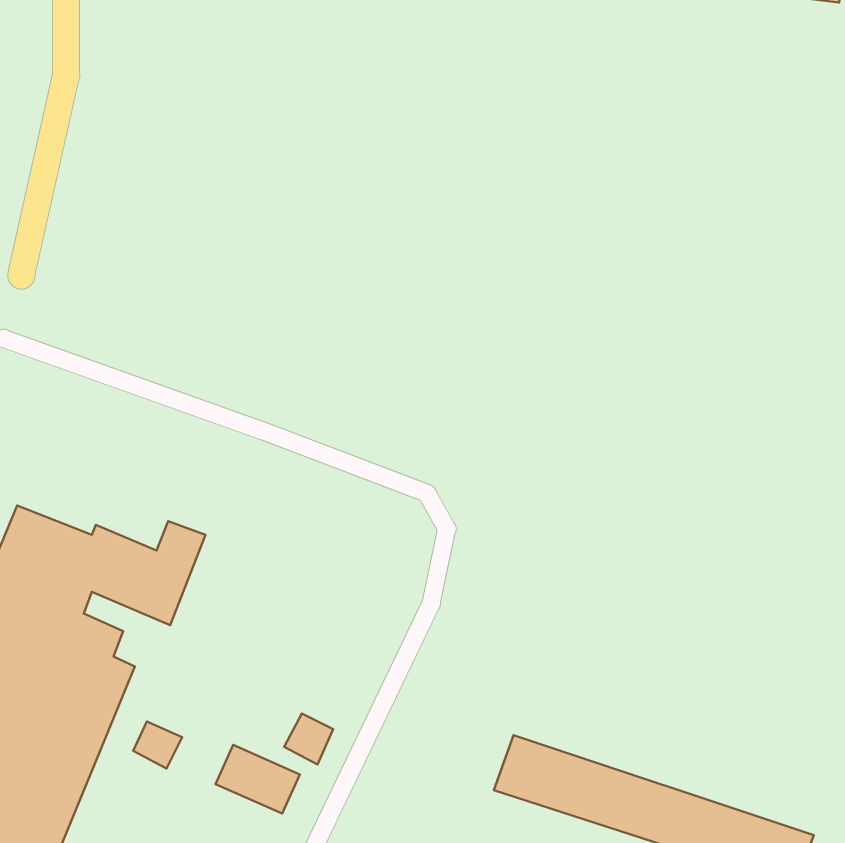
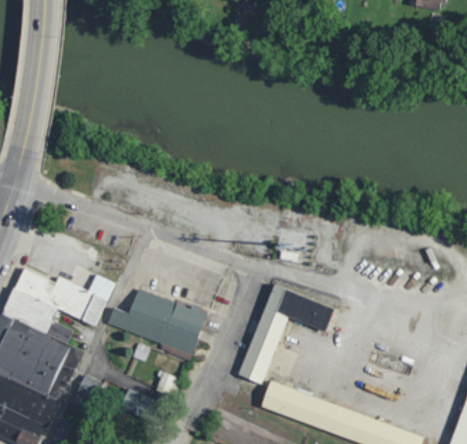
building: none -> [242,284,337,385]
building: none -> [106,289,208,356]

